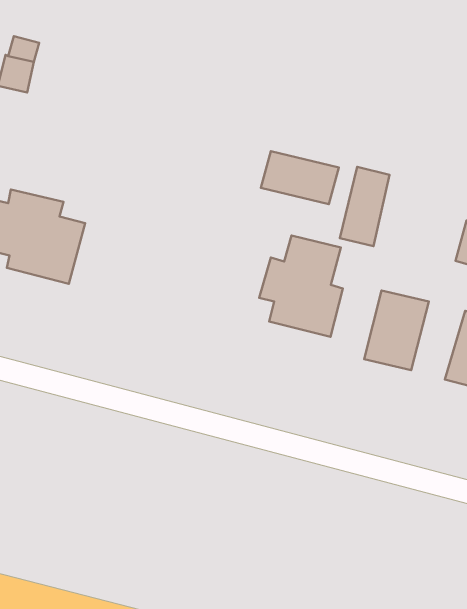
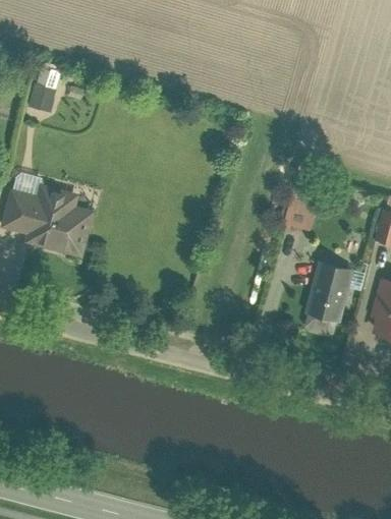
building: [261,151,339,204] -> none
building: [259,235,343,337] -> none

